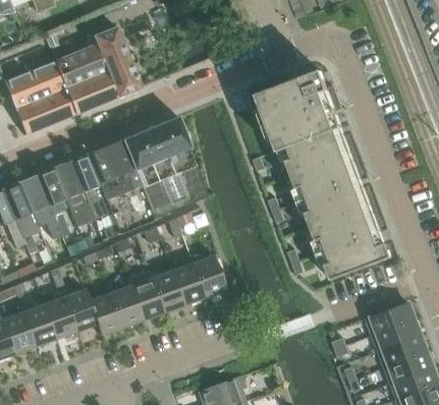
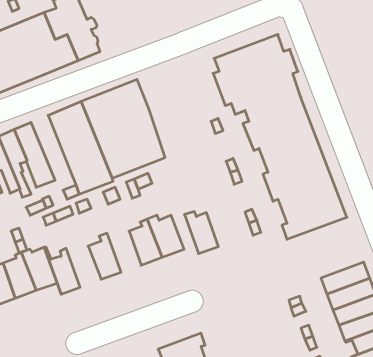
building: [69,154,110,220] -> none
building: [147,271,181,313] -> [184,212,218,254]
building: [105,286,141,329] -> none

